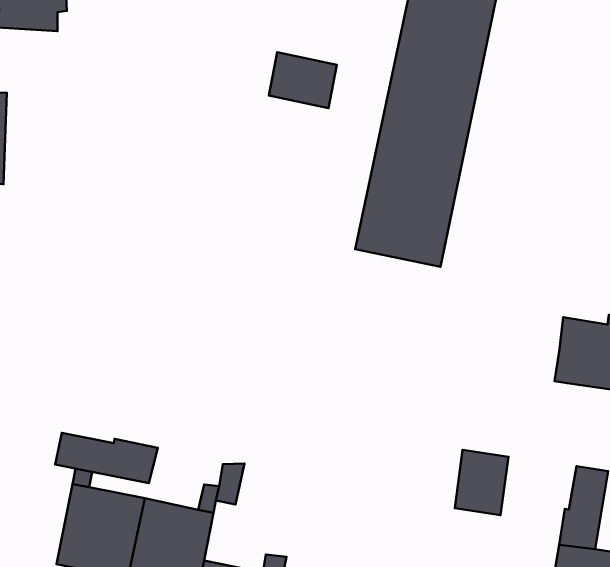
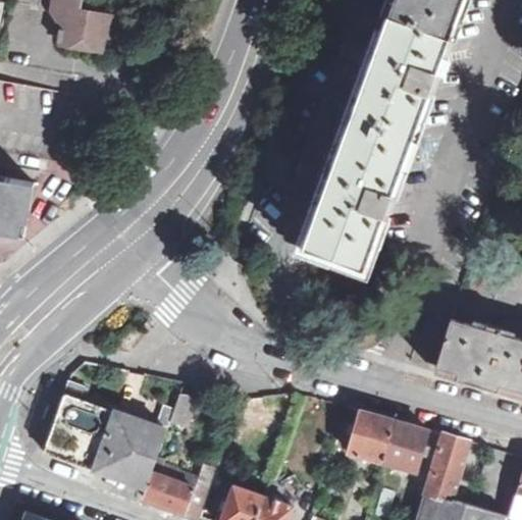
building: [269,52,337,108] -> none
building: [55,433,158,483] -> none
building: none -> [381,420,427,472]

